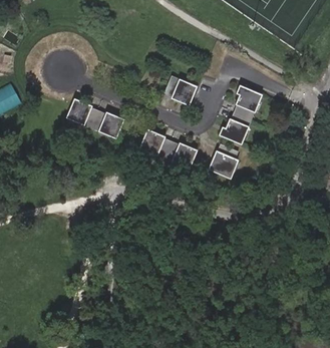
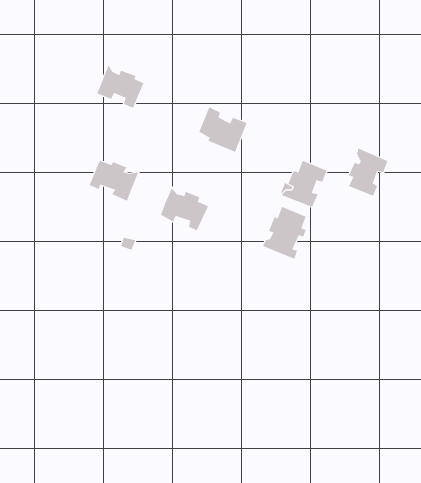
building: [236,84,263,117] -> [348,147,388,196]
building: [66,97,98,127] -> [97,64,144,108]
building: [164,141,199,168] -> none

